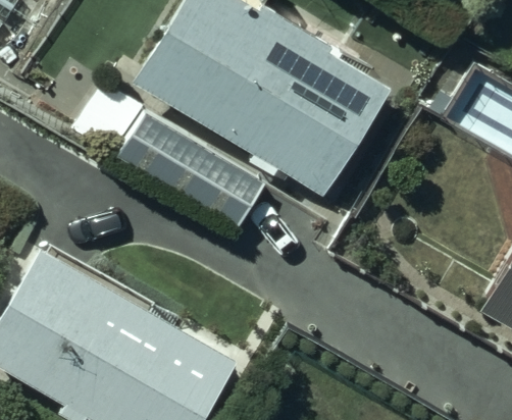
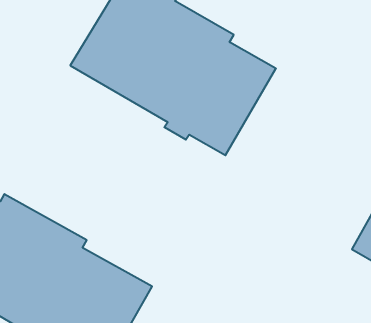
building: [75,80,271,231] -> none

